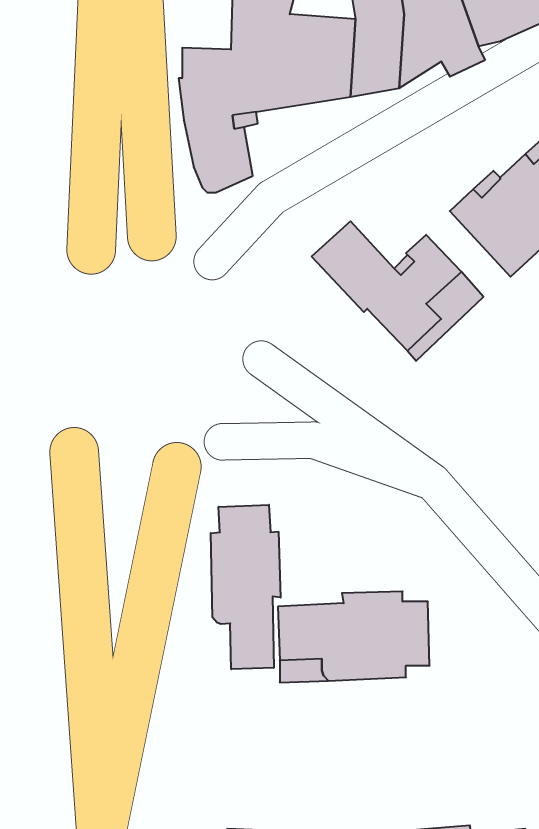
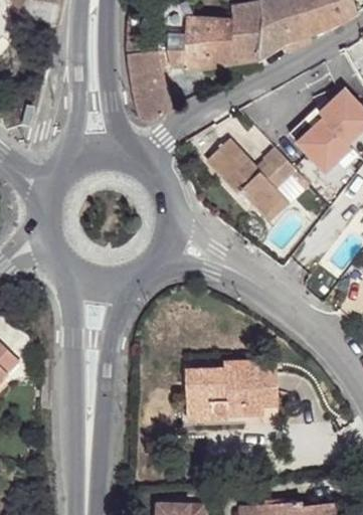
building: [211,505,281,669] -> none

